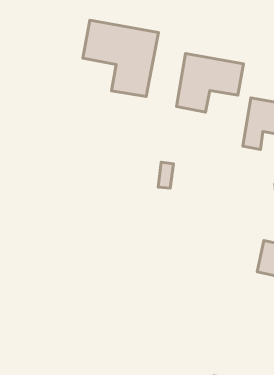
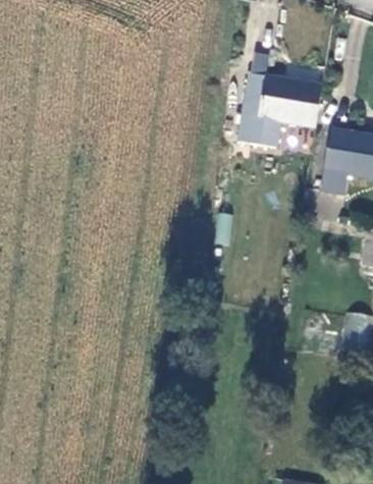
building: [83,20,159,97] -> none

